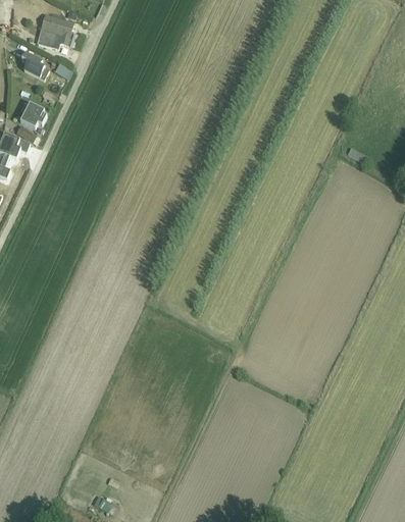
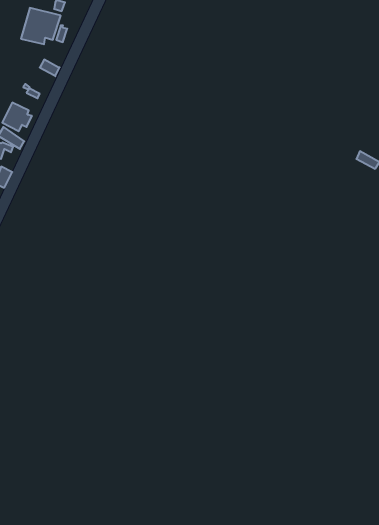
building: [21,51,49,80] -> none

